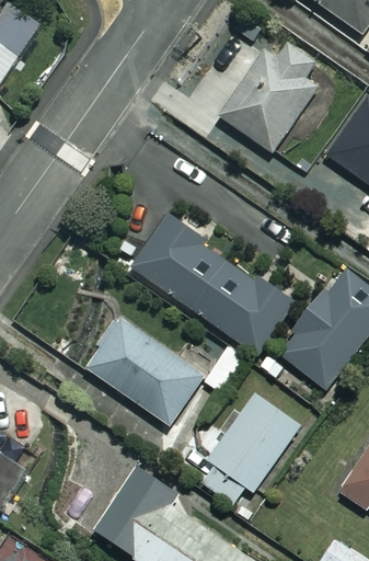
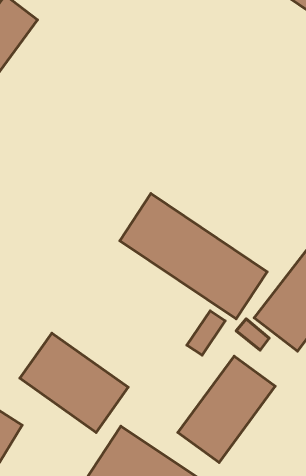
building: [220,44,321,150] -> none
building: [87,317,205,425] -> [20,333,128,432]

